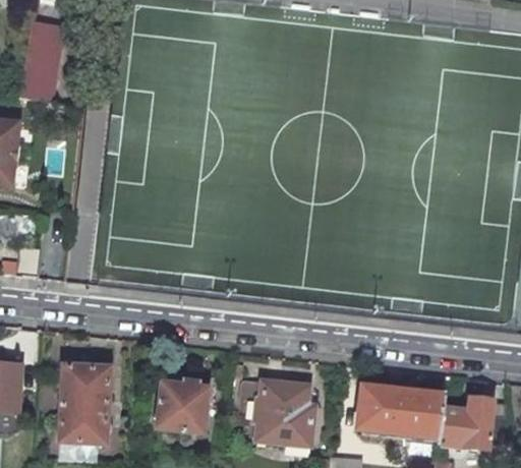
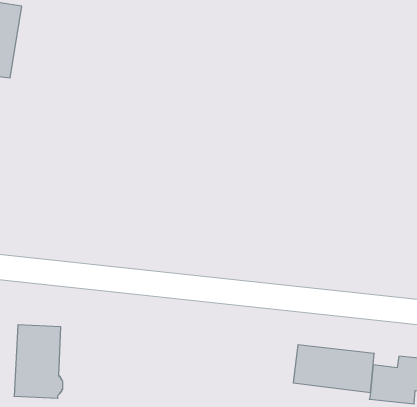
building: [156,377,207,431] -> none
building: [240,378,313,444] -> none

